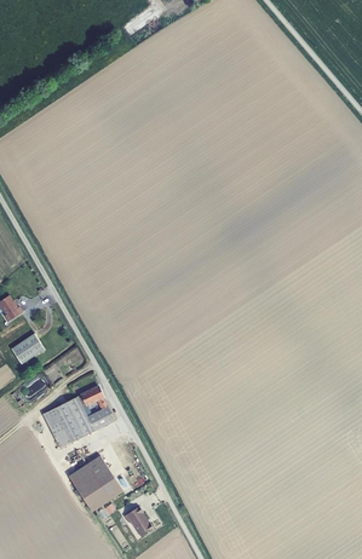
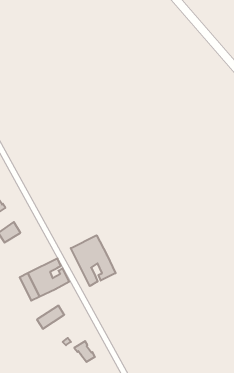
building: none -> [71,235,116,286]
building: [76,468,122,512] -> none

